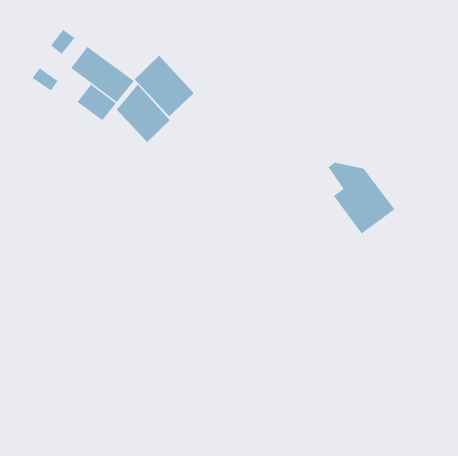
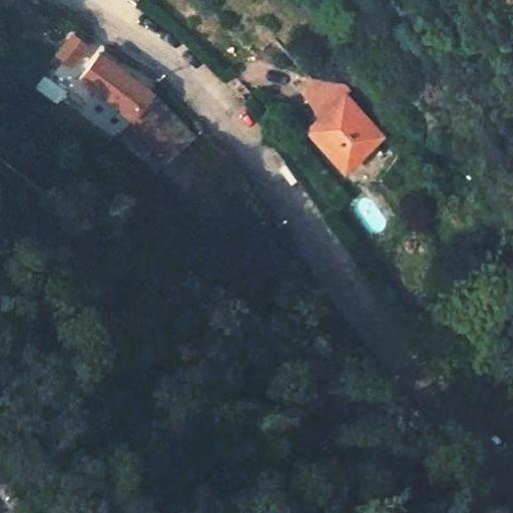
building: [134,55,194,117] -> none
building: [327,162,396,234] -> [305,90,381,171]

